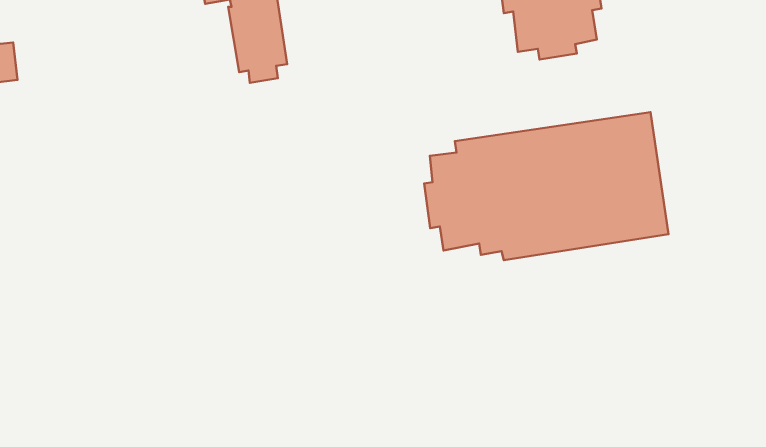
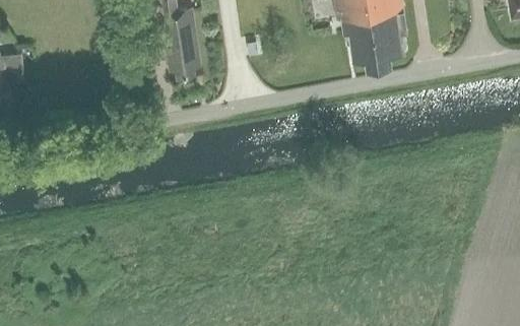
building: [424,112,669,260] -> none

